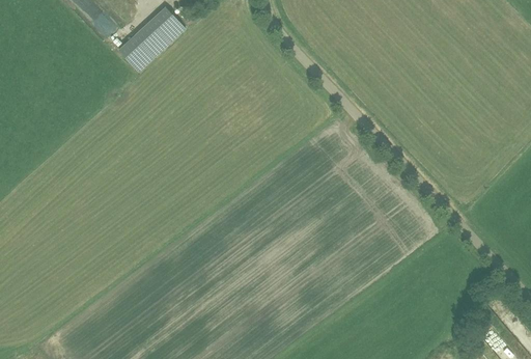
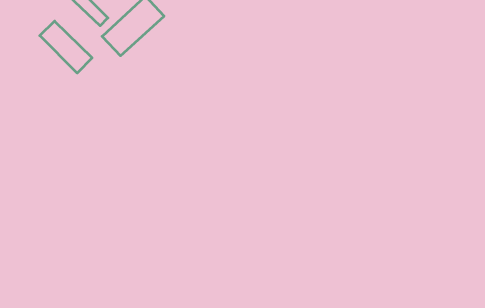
building: none -> [40,21,92,73]

